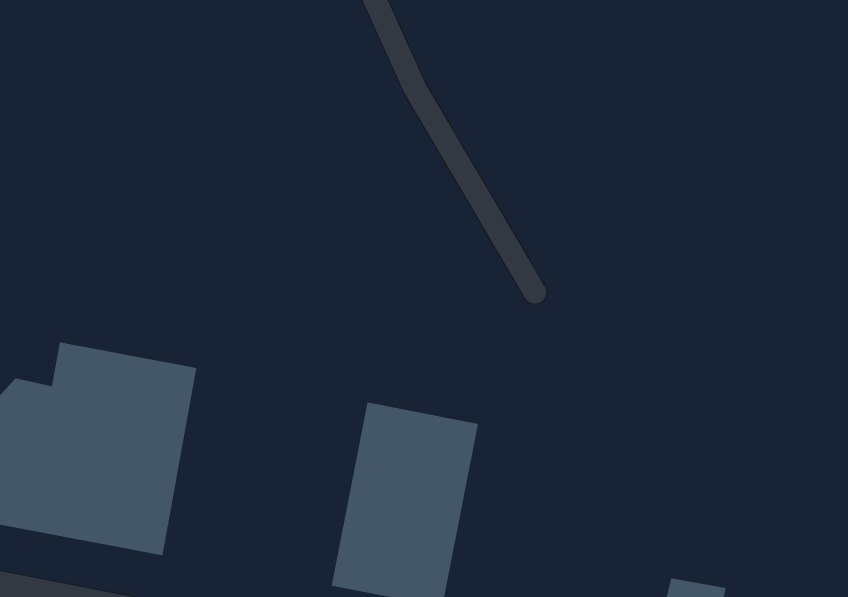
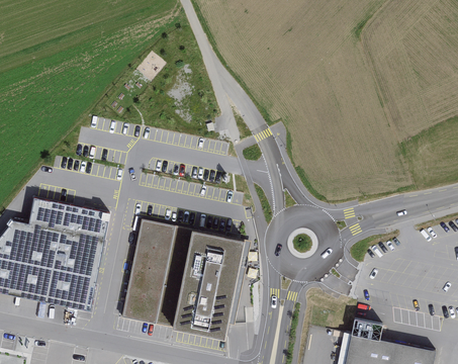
building: none -> [127,218,196,323]

